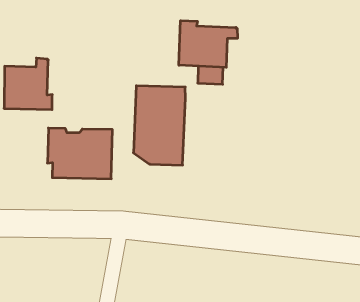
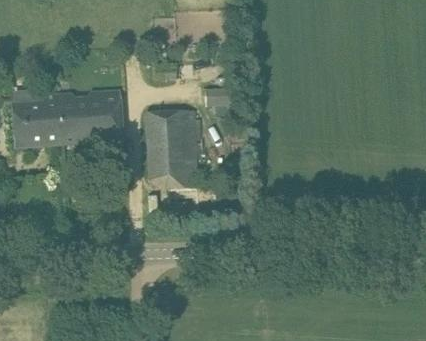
building: [179,21,237,67] -> none
building: [47,128,112,179] -> [55,90,122,143]

